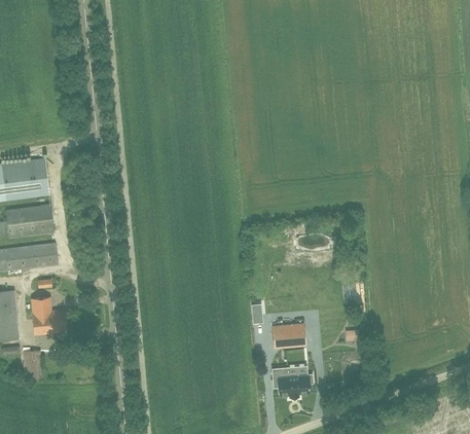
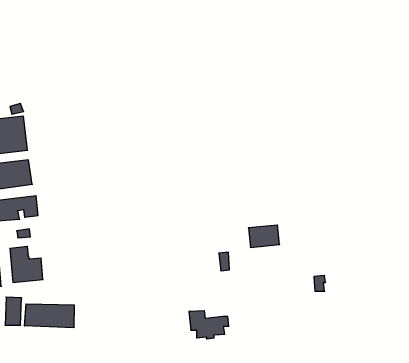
building: [272,323,304,347] -> [248,225,280,247]
building: none -> [25,304,74,328]
building: [270,366,313,396] -> [189,311,229,339]

